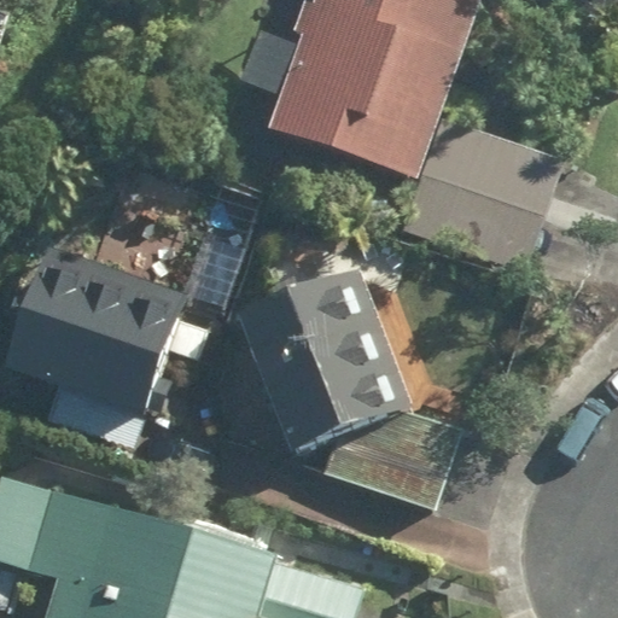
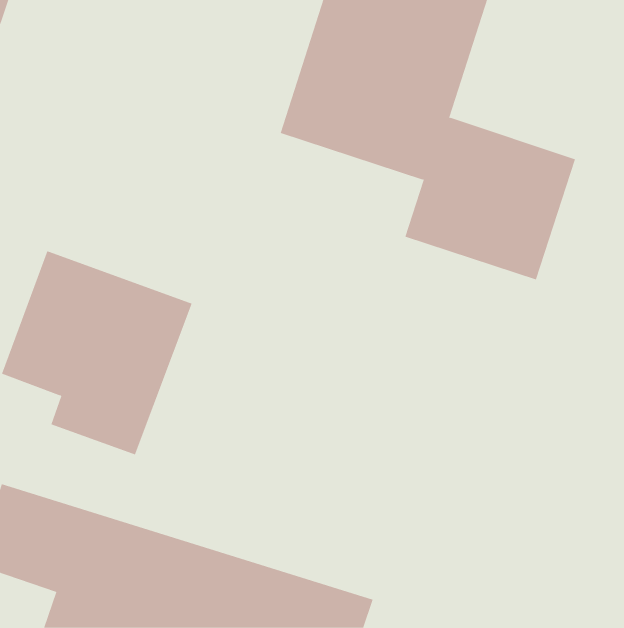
building: [233,267,467,508] -> none

